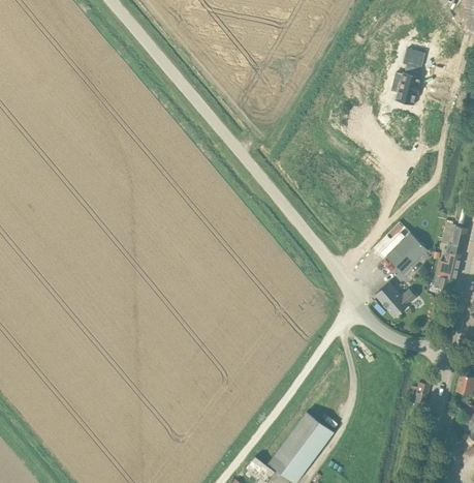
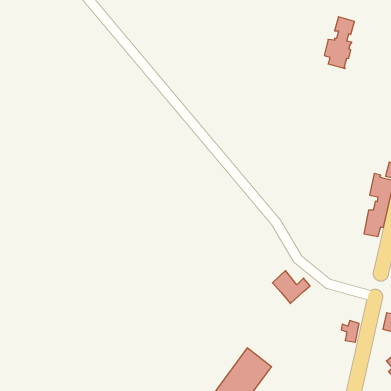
building: [385,232,426,273] -> none
building: [375,280,416,316] -> [272,271,310,304]

